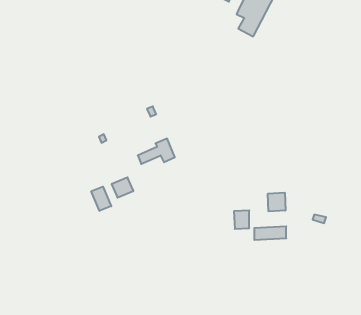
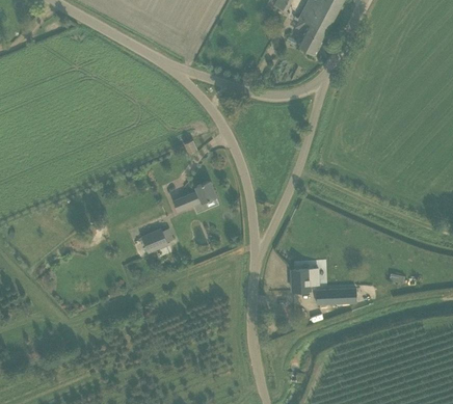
building: [91,187,111,211] -> none
building: [268,193,285,211] -> none

